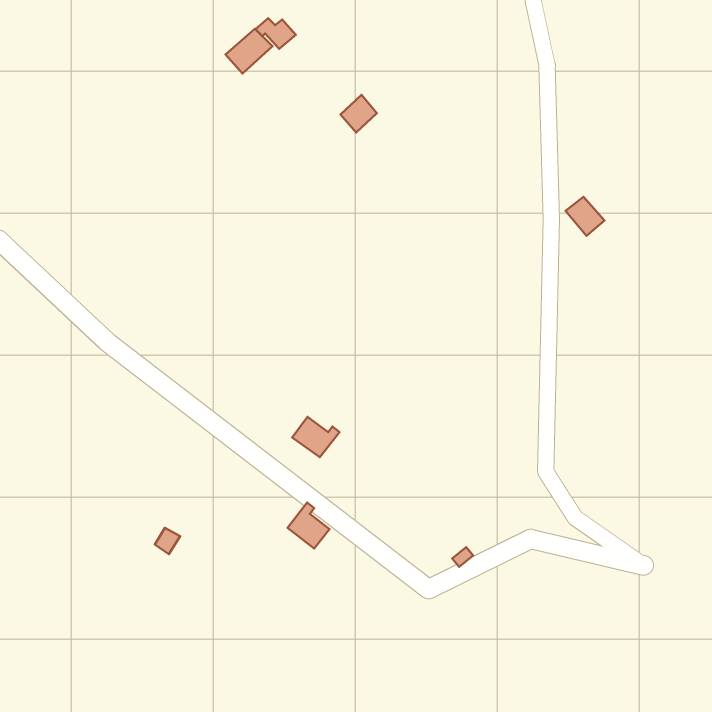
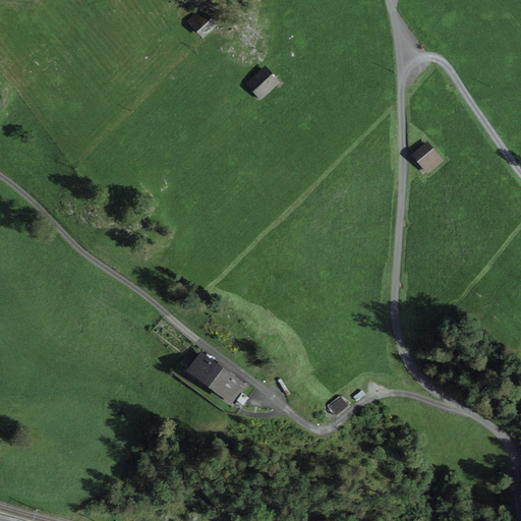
building: [225,29,272,74] -> none
building: [292,417,339,457] -> [189,356,224,386]

